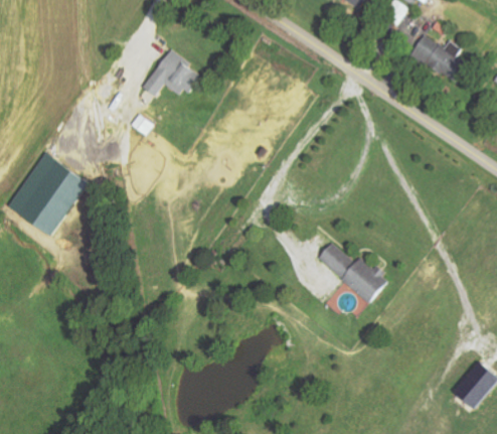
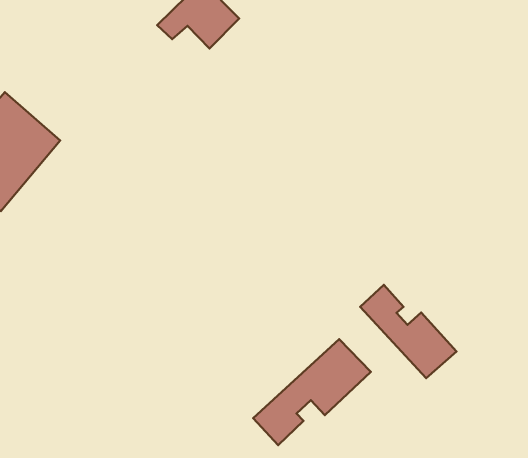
building: none -> [253,339,371,445]

